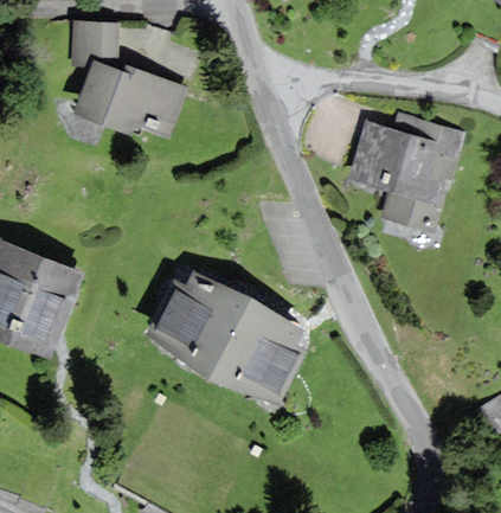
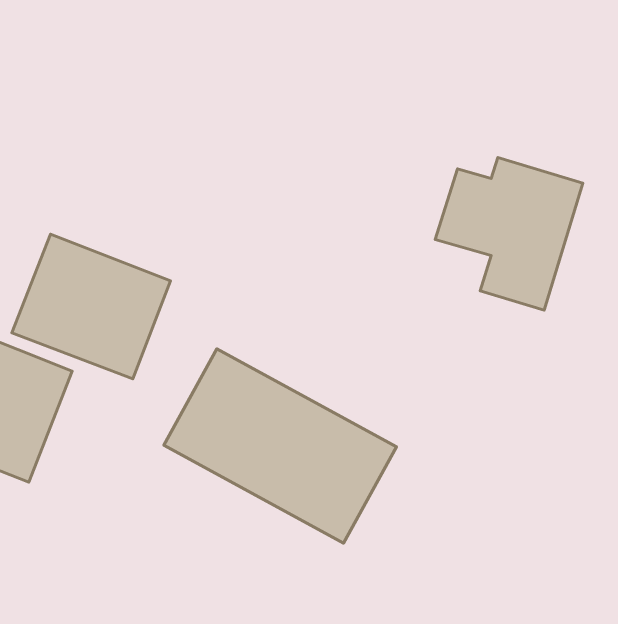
building: [68,28,190,145] -> none
building: none -> [12,234,170,379]

